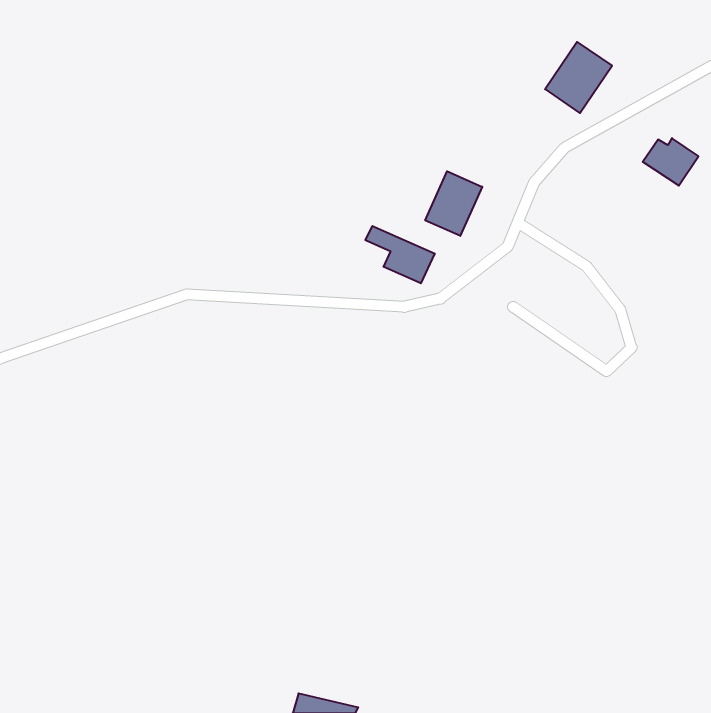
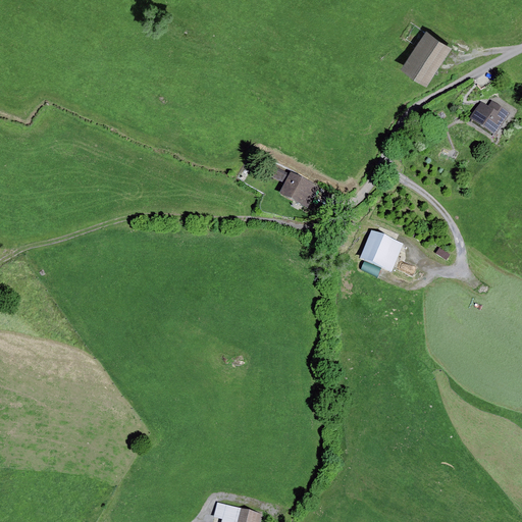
building: [425,171,482,236] -> none
building: none -> [360,231,404,273]

